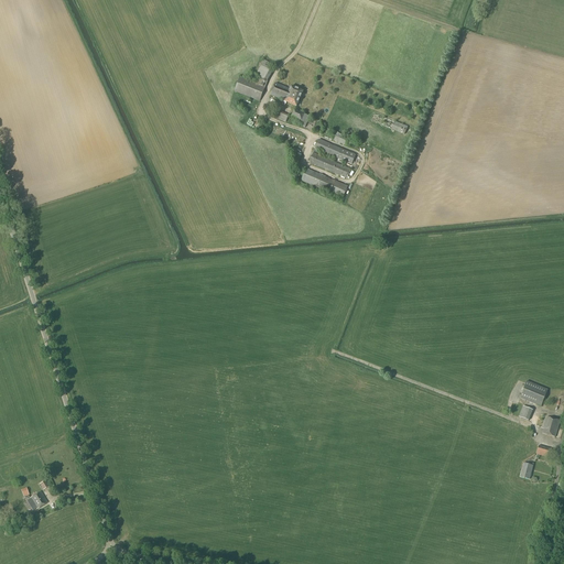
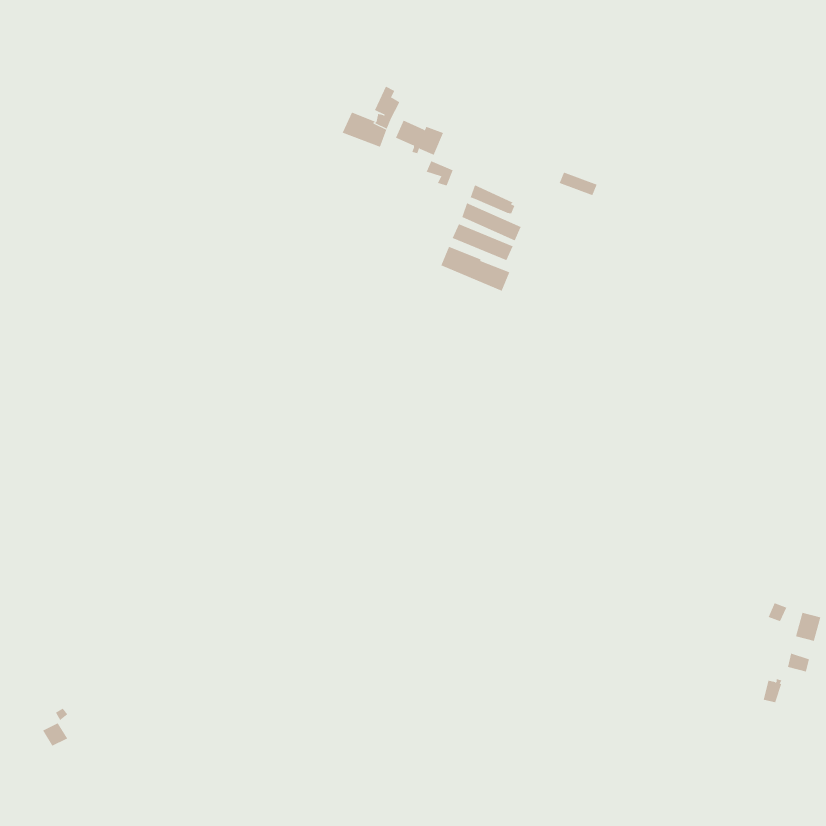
building: [518,380,546,406] -> none

